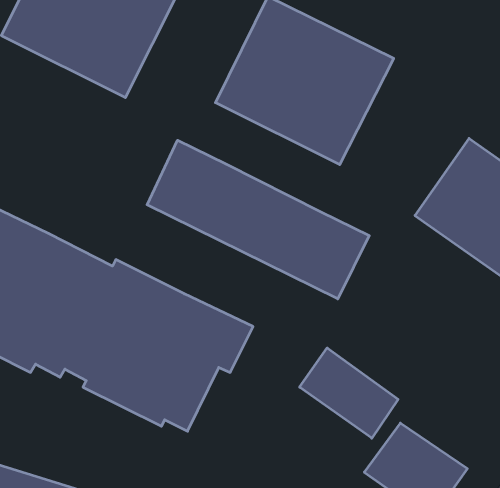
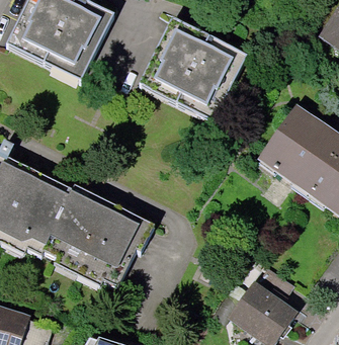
building: [147,140,369,299] -> none
building: [300,348,398,438] -> none

